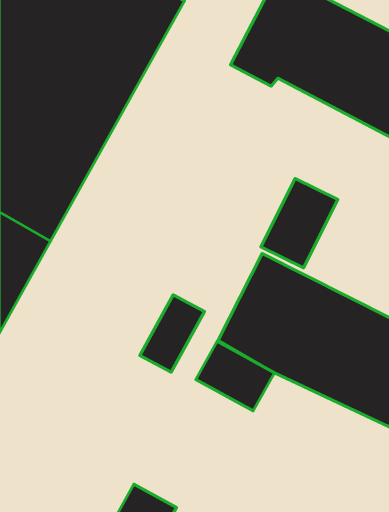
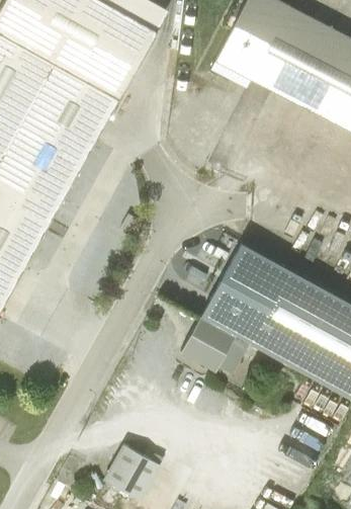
building: [261,179,338,268] -> none
building: [140,295,205,372] -> none

